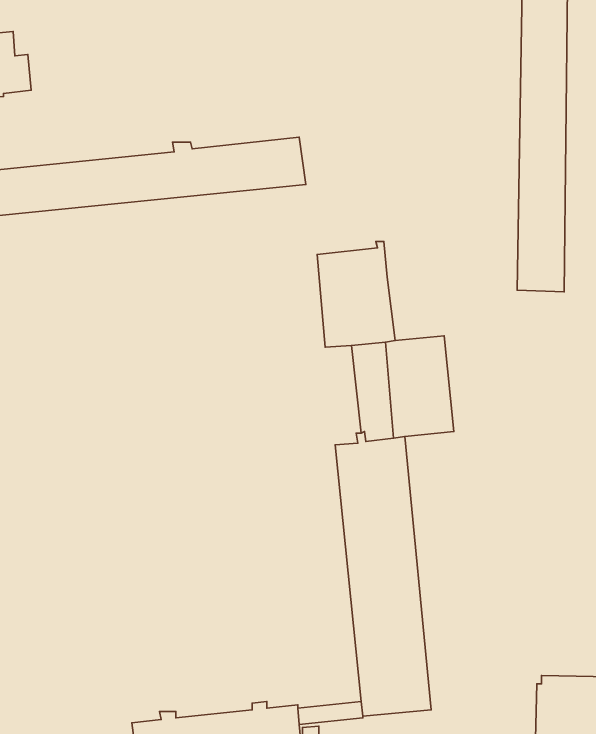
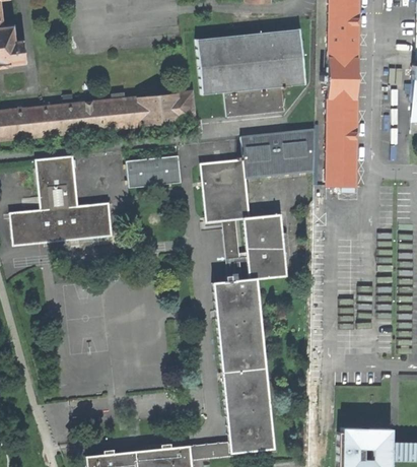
building: none -> [192,29,305,119]
building: none -> [241,129,316,178]
building: none -> [128,149,182,187]
building: none -> [10,154,113,245]

